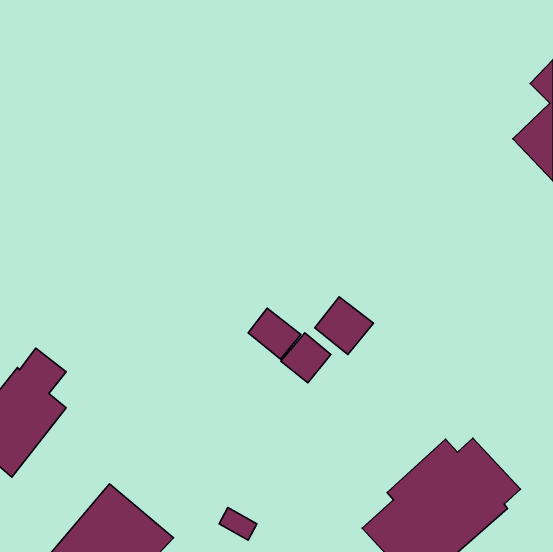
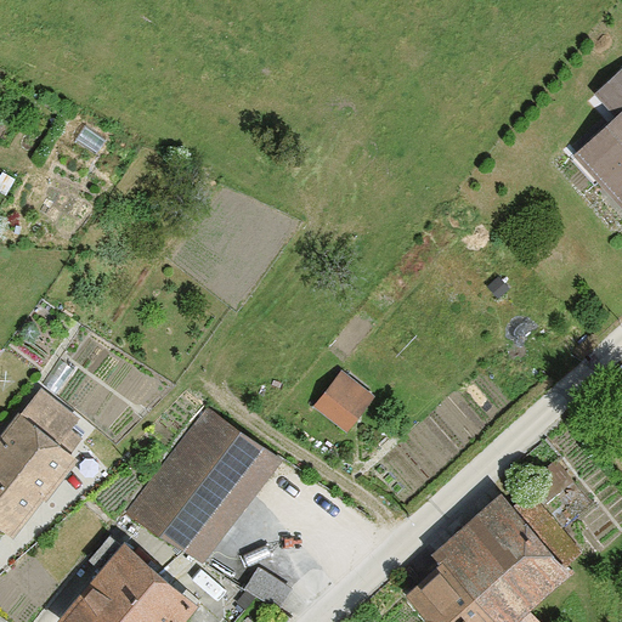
building: [315,297,373,355] -> none
building: [248,308,301,359] -> none
building: none -> [131,409,278,564]

